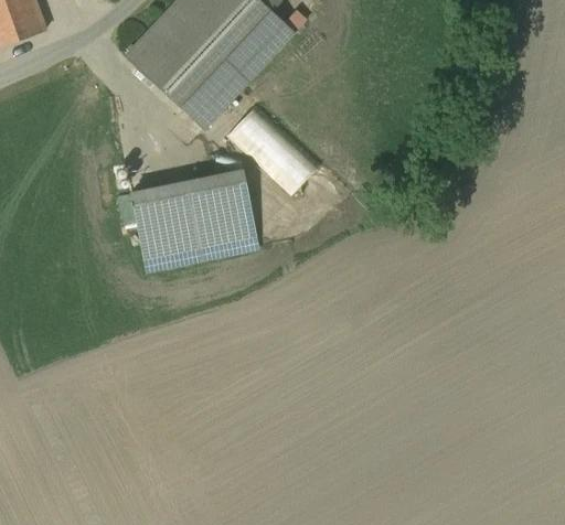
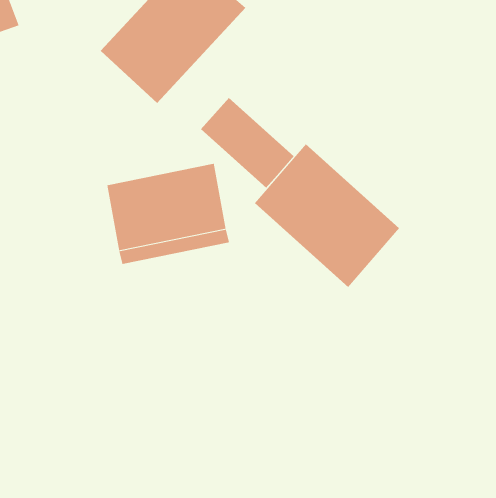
building: [183,13,294,129] -> none
building: none -> [254,144,400,288]

